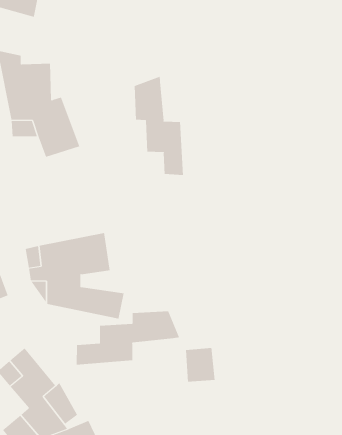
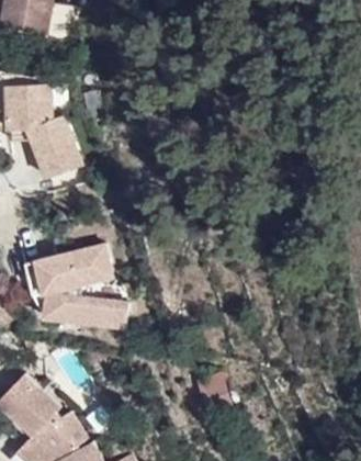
building: [134,76,184,176] -> none
building: [76,310,180,365] -> none

